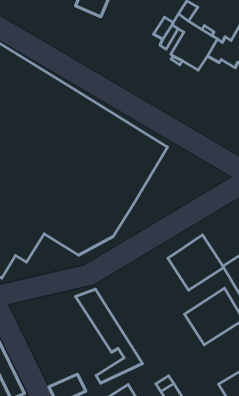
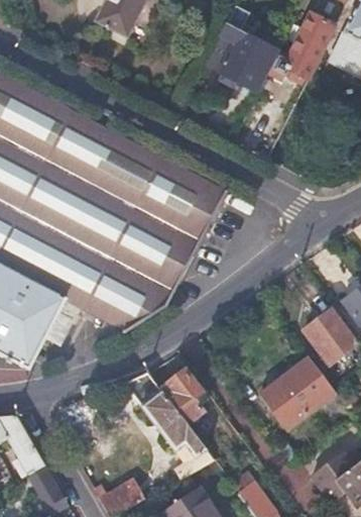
building: [168,235,224,290] -> none
building: none -> [160,370,202,422]

